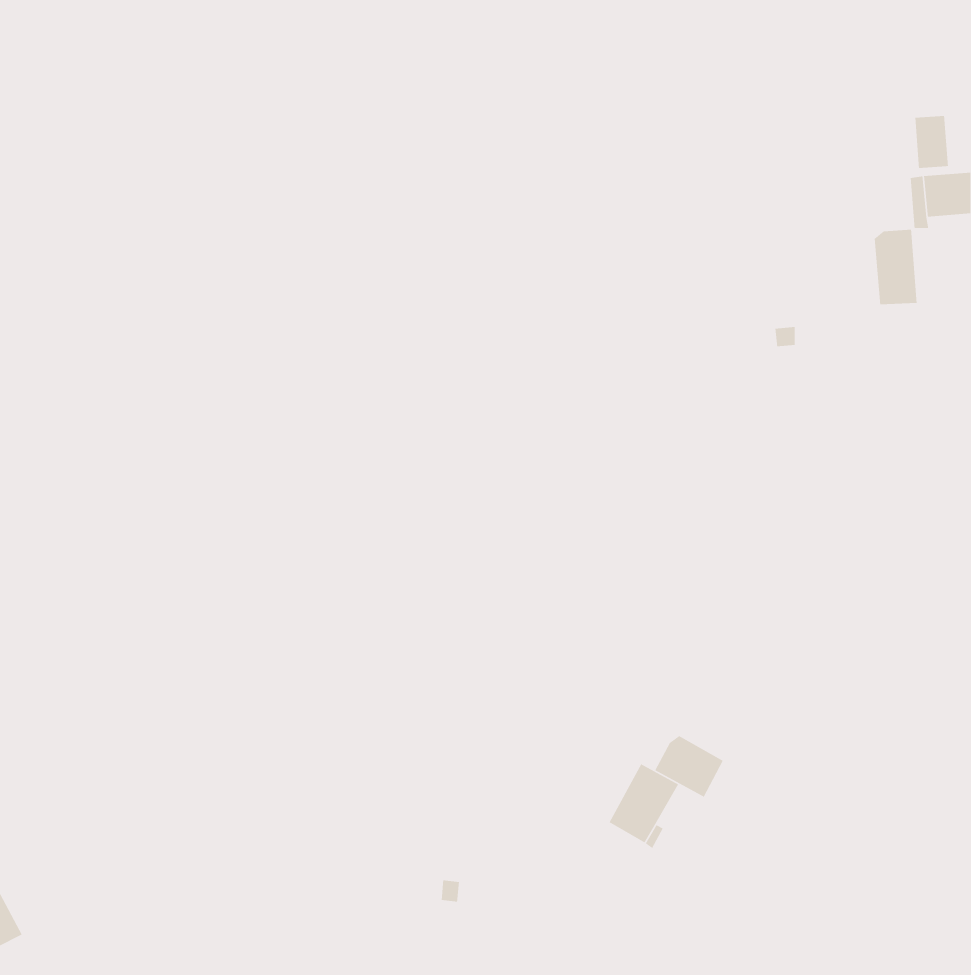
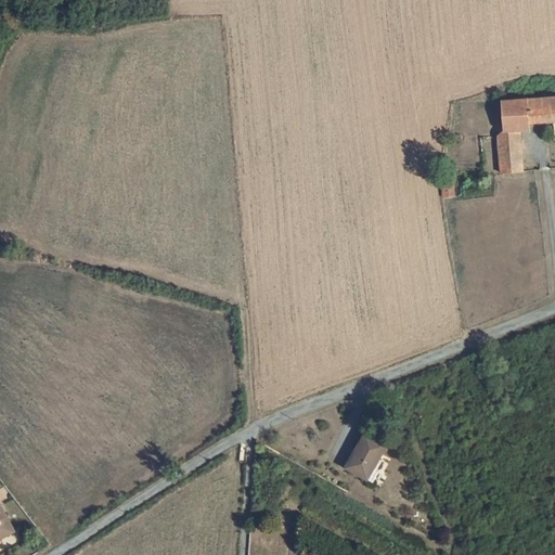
building: [914,115,949,169] -> [500,101,519,131]
building: [654,735,724,798] -> none

